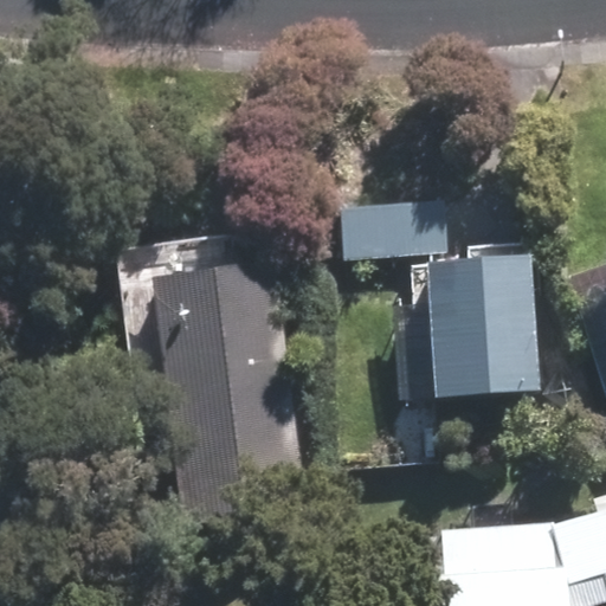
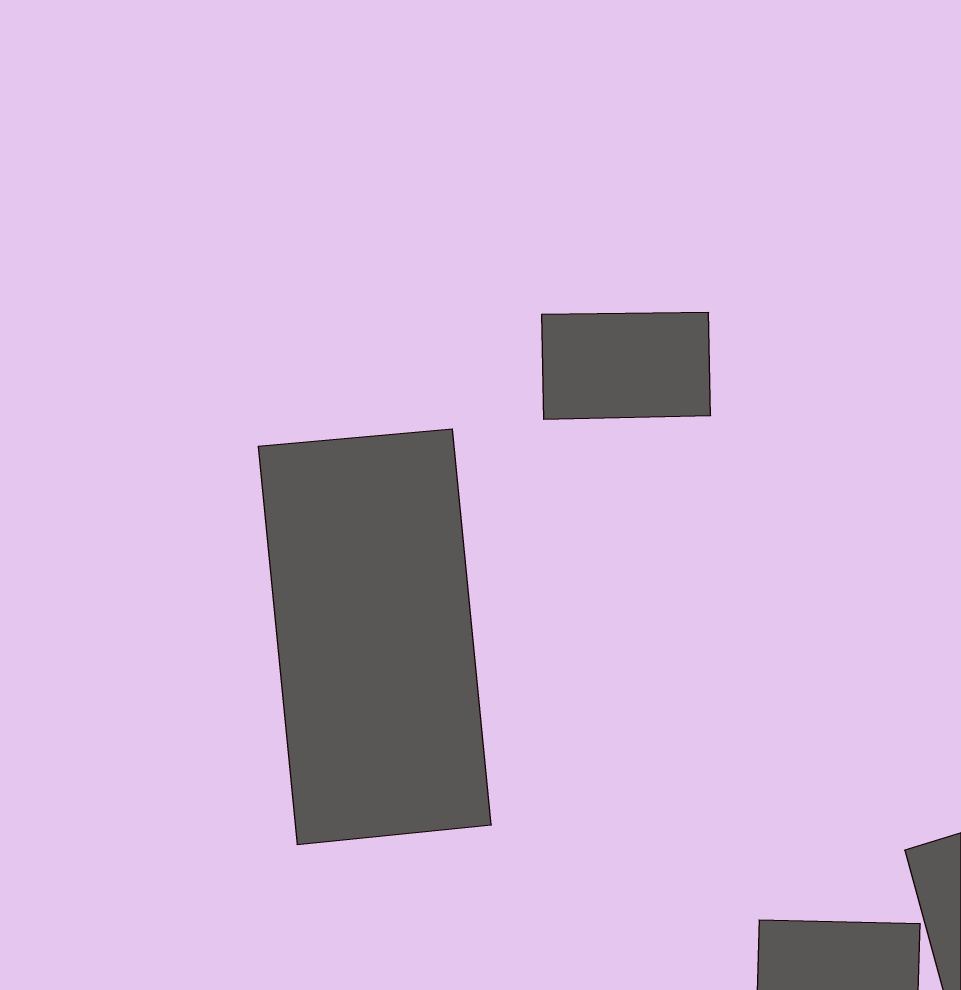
building: [428,252,535,391] -> none

